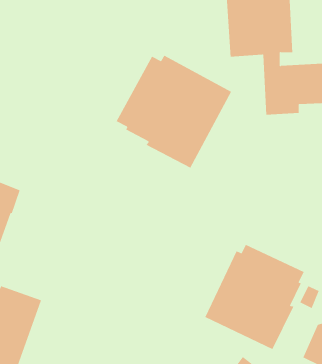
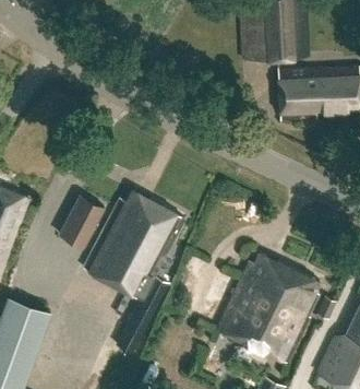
building: [116,55,232,168] -> none
building: none -> [83,191,183,353]
building: none -> [58,196,104,248]

